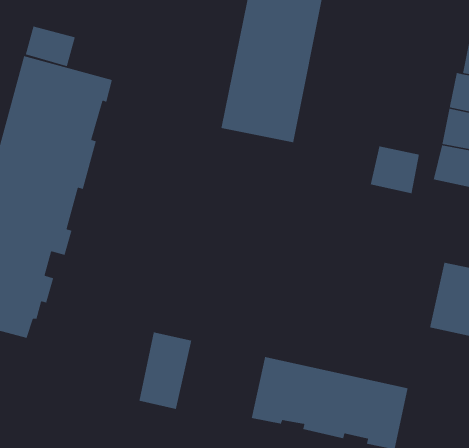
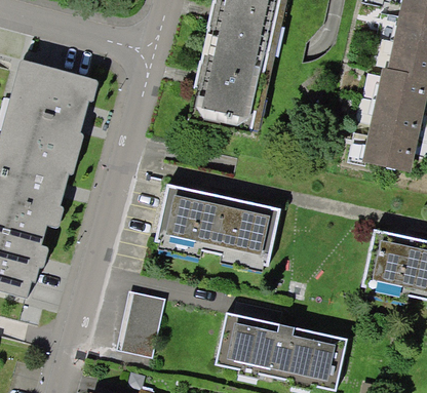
building: [25,25,76,67] -> none
building: [370,145,420,194] -> none
building: none -> [157,187,281,267]

